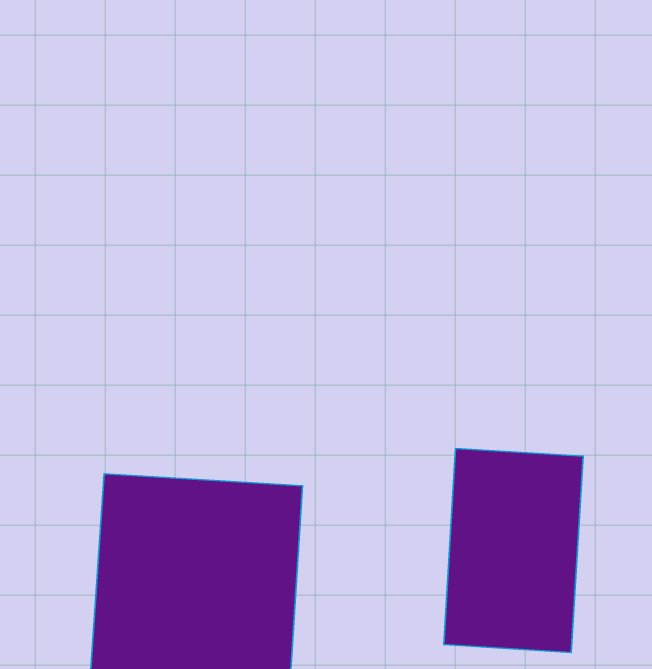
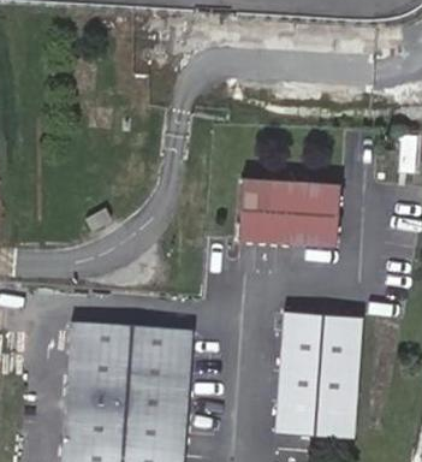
building: none -> [239,178,340,244]

